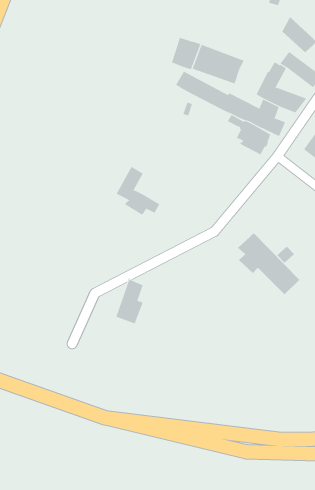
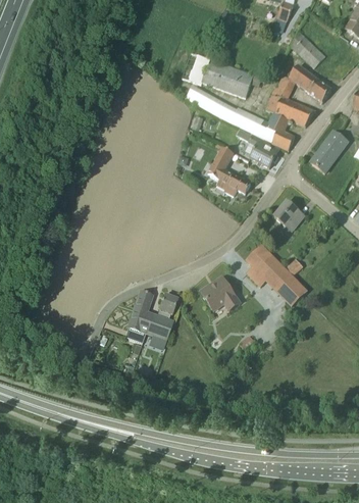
building: [116,166,160,216] -> [206,146,250,195]
building: none -> [273,203,304,231]
building: none -> [200,279,241,310]
building: none -> [145,295,179,343]

